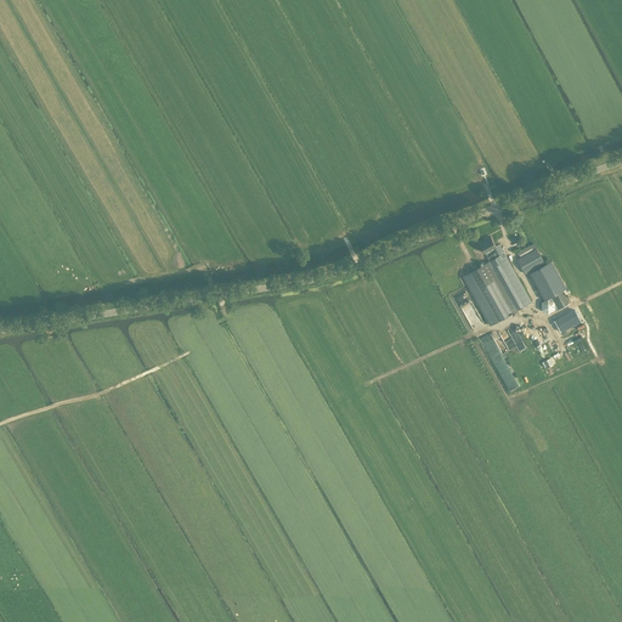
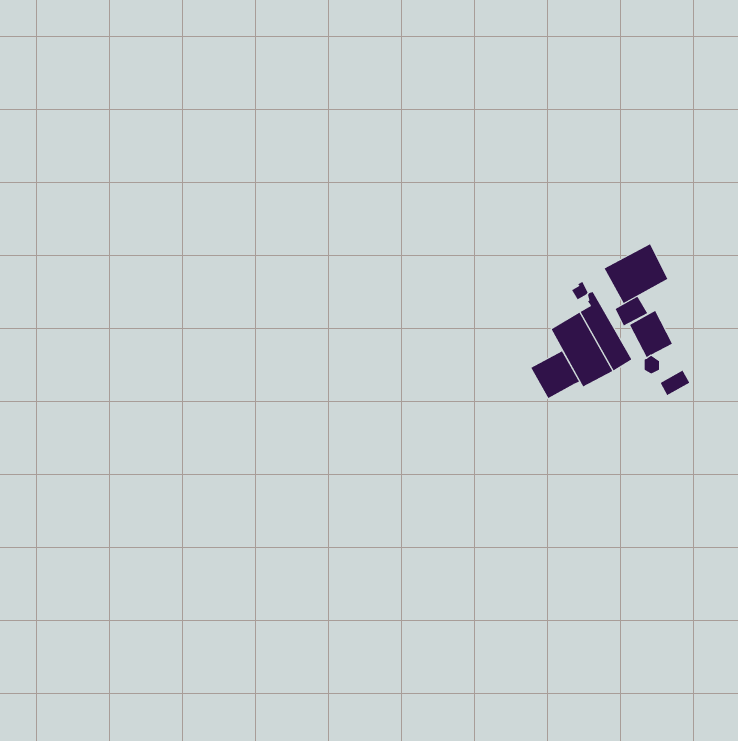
building: none -> [604,244,668,304]
building: none -> [530,350,580,399]

